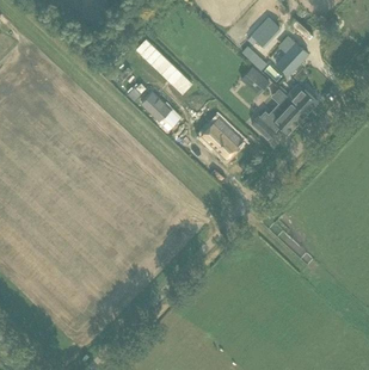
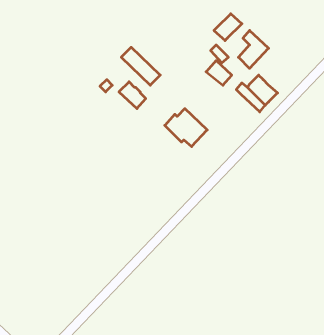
building: [253,103,299,138] -> none

